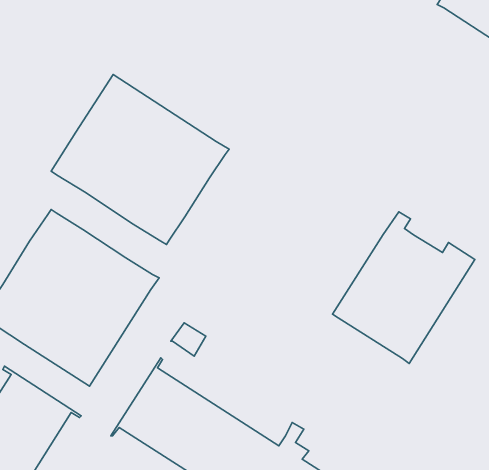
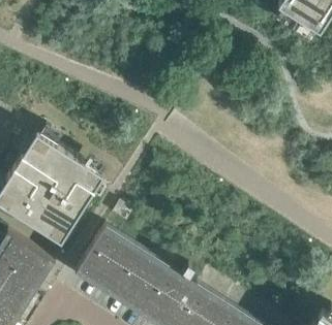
building: [51,74,229,245] -> none
building: [333,212,475,364] -> none

